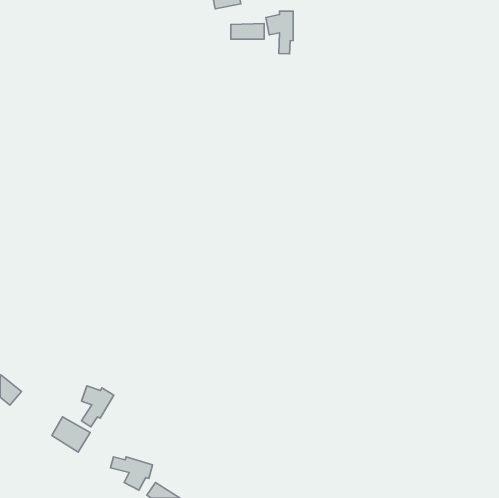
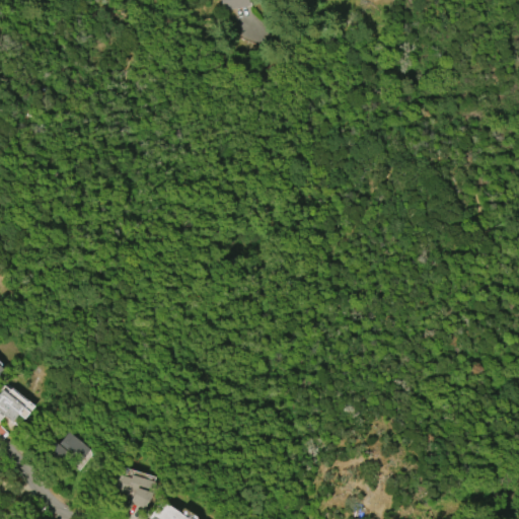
building: [266,11,293,54] -> none
building: [81,386,114,427] -> none

